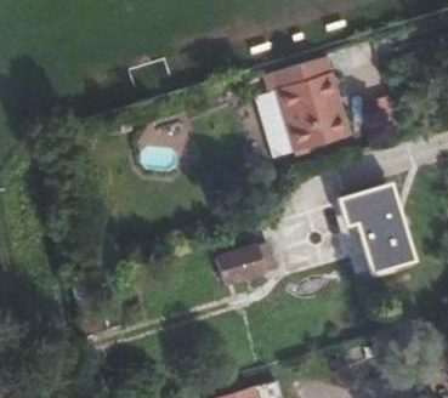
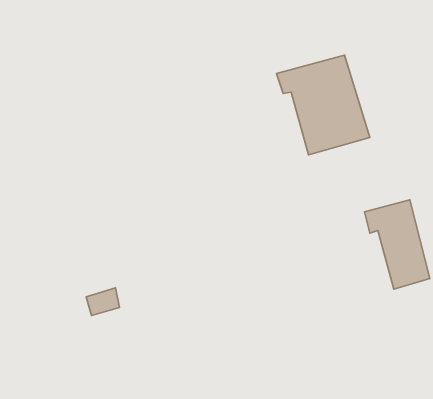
building: [228,243,276,280] -> none

